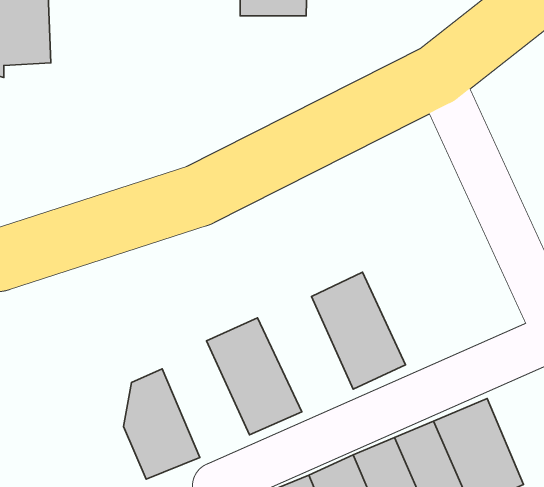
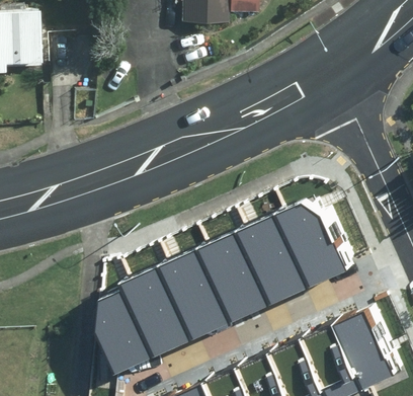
building: none -> [274,208,344,288]
building: none -> [195,235,267,323]
building: none -> [121,269,189,358]

